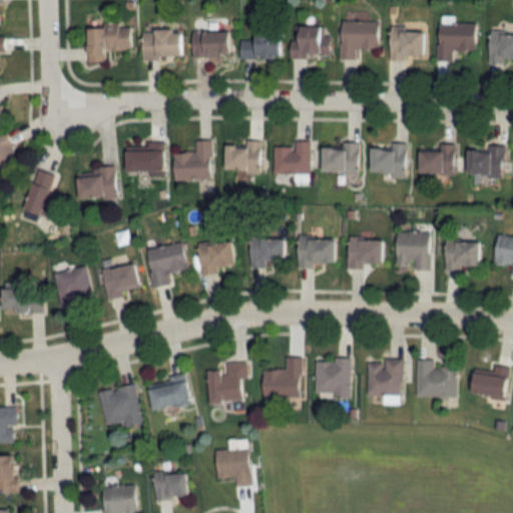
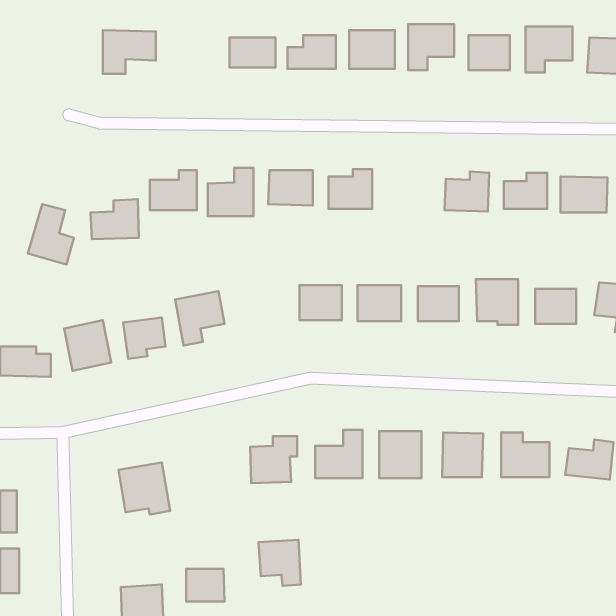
building: [142,31,180,58] -> none
building: [321,142,359,174] -> none
building: [198,240,233,274] -> none
building: [148,379,191,411] -> none

